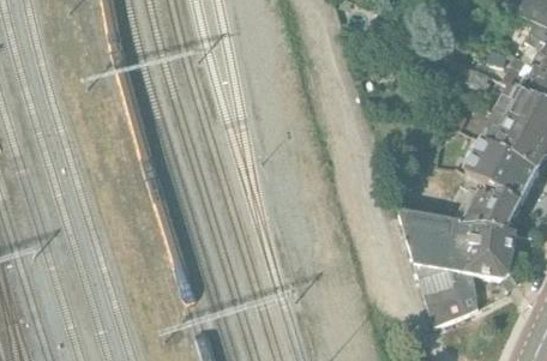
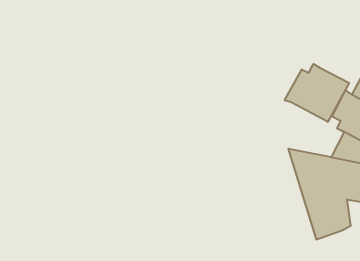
building: none -> [285,64,349,122]

